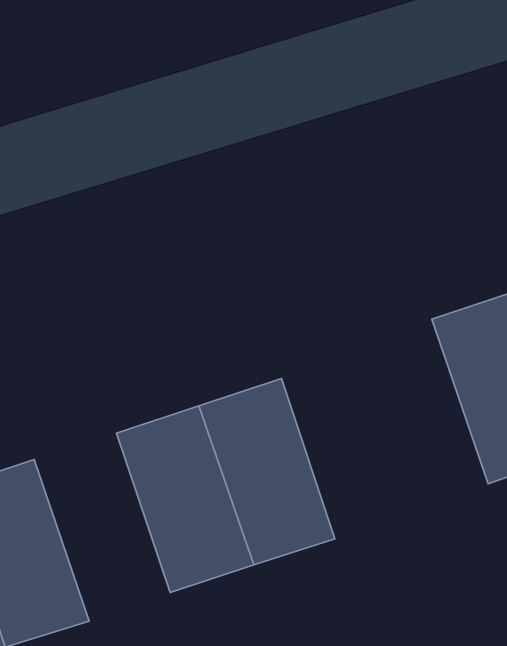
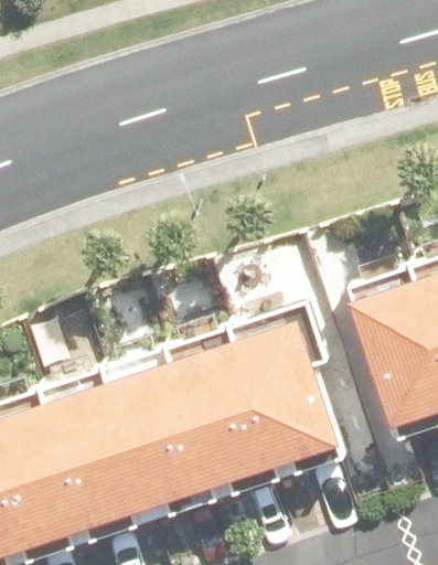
building: none -> [232,315,342,460]
building: none -> [43,380,147,523]

